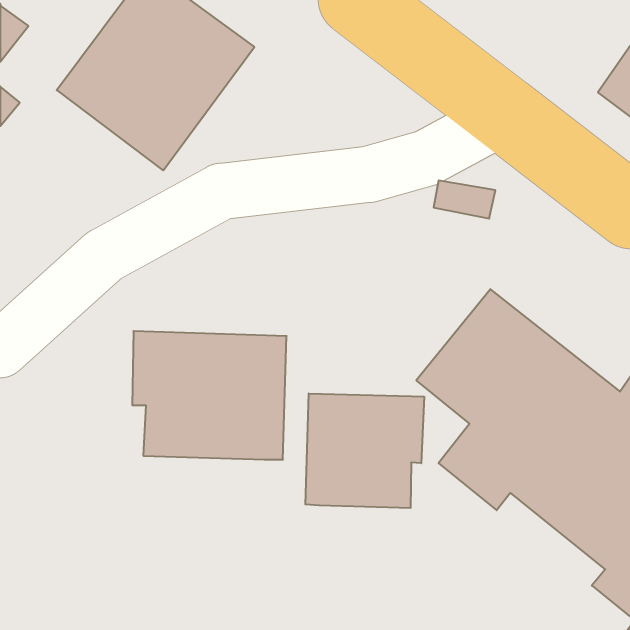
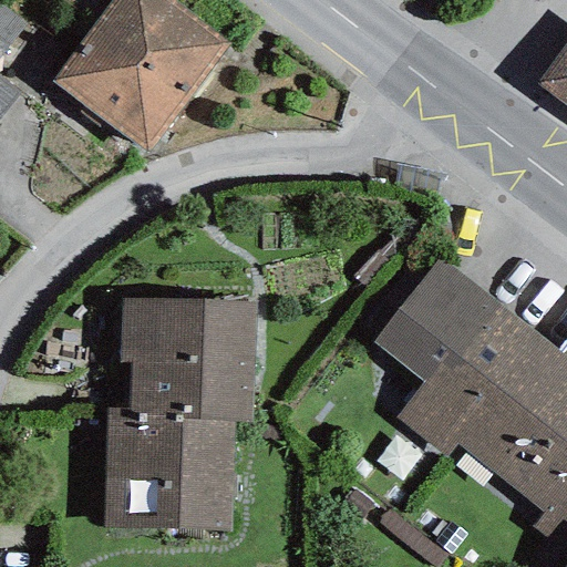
building: [305,393,424,508] -> none
building: none -> [105,408,238,530]

